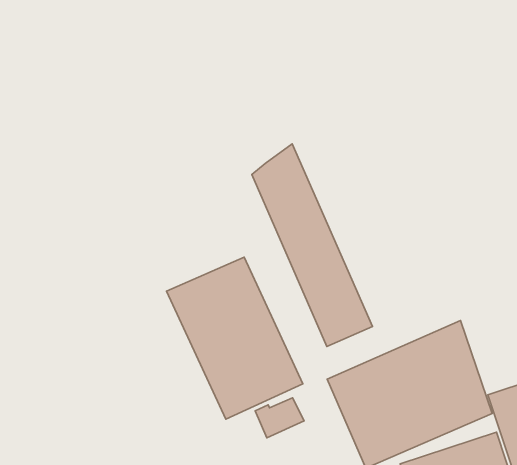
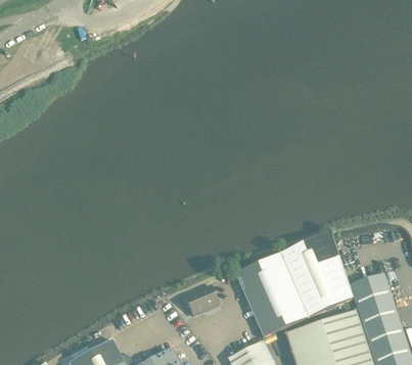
building: [252,144,372,346] -> none
building: [166,257,303,419] -> none

